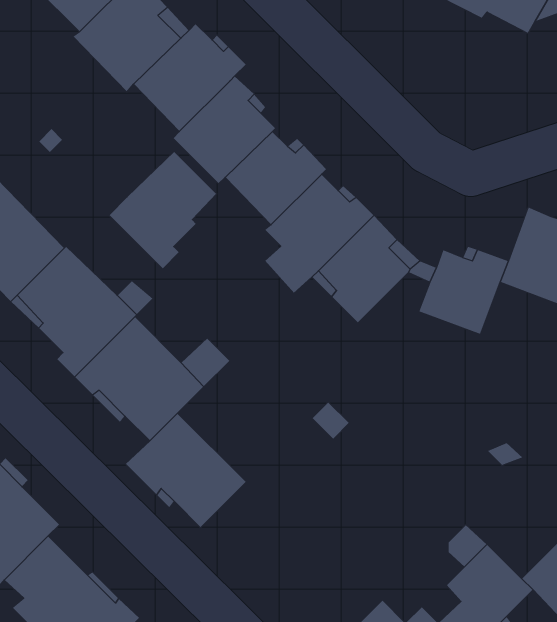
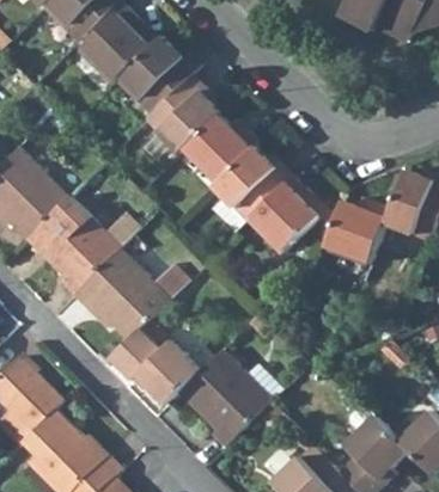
building: [109,151,217,269] -> none
building: none -> [177,348,281,445]

